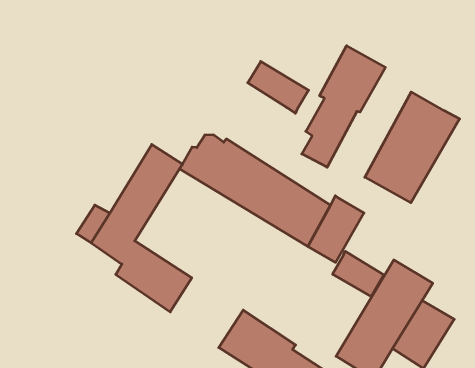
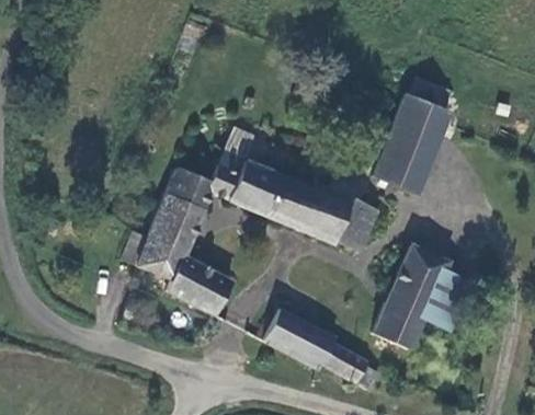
building: [302,46,385,167] -> none
building: [248,61,309,113] -> none
building: [333,251,384,296] -> none

